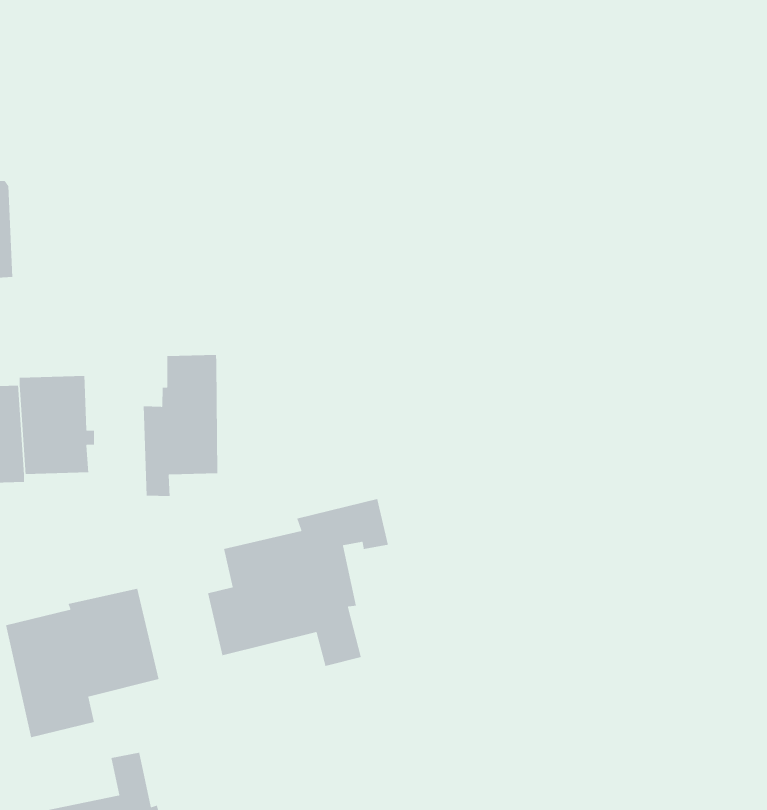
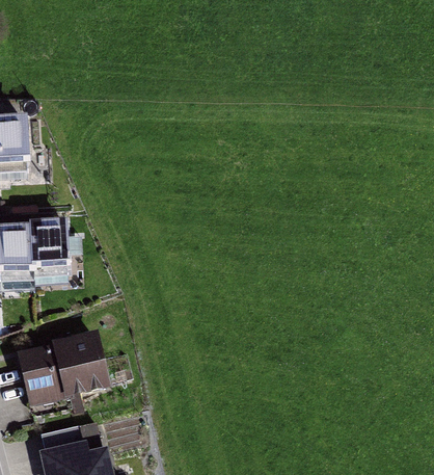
building: [143,354,218,497] -> none
building: [207,498,389,667] -> none

